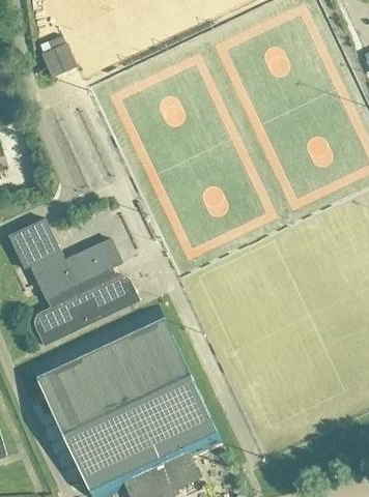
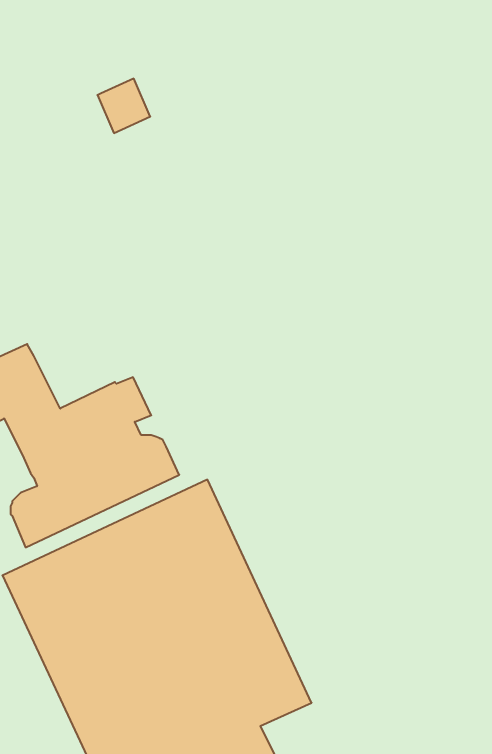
building: [41,43,75,78] -> [97,79,150,133]

